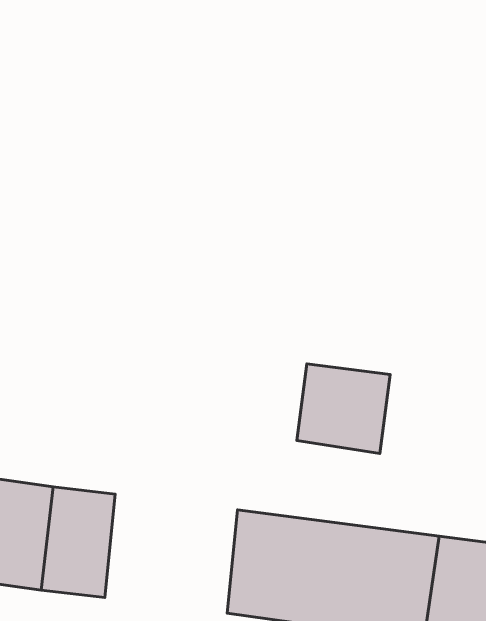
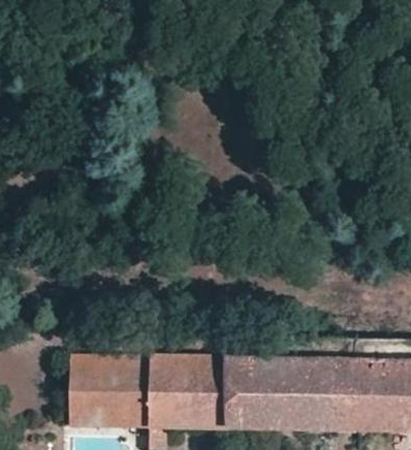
building: [297,364,390,454] -> none
building: none -> [150,357,230,425]

